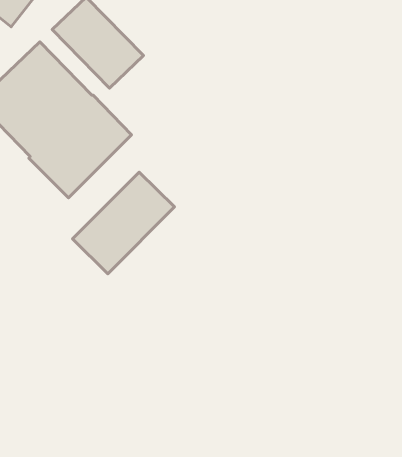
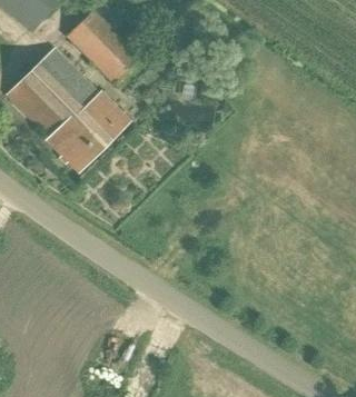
building: [72,172,175,274] -> none

